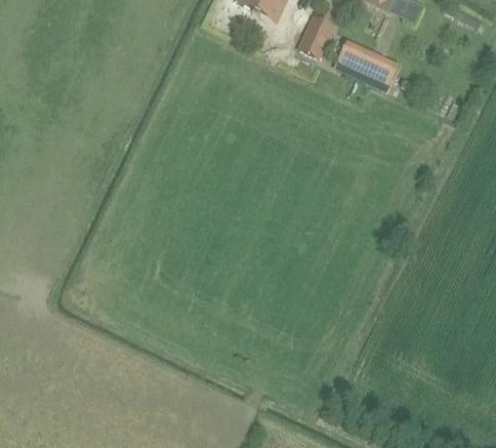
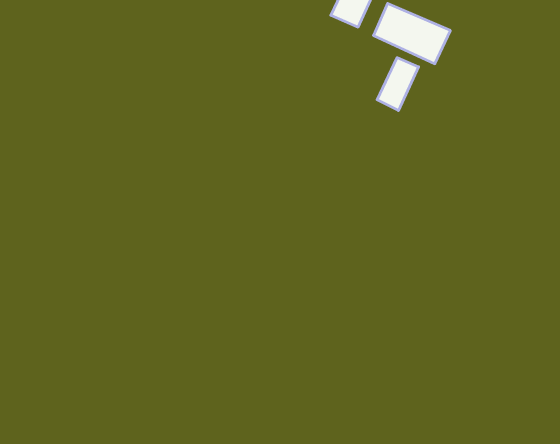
building: none -> [377,58,419,111]

